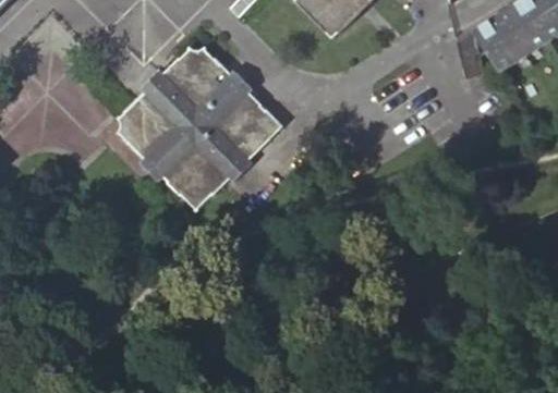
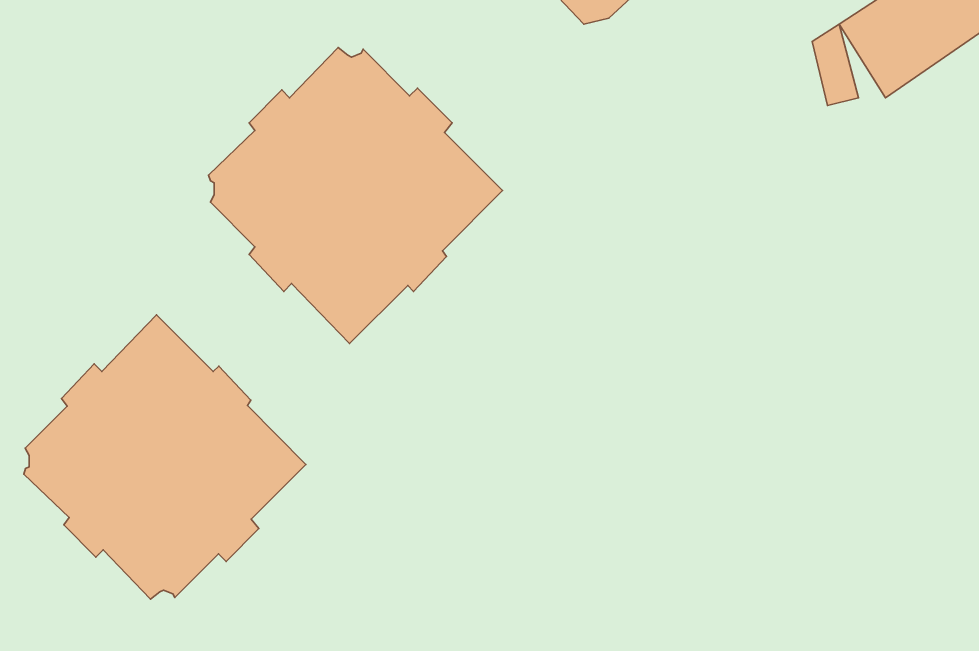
building: none -> [24,315,306,599]

